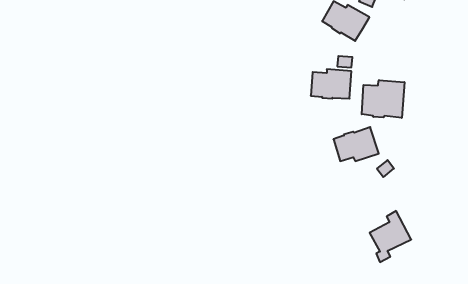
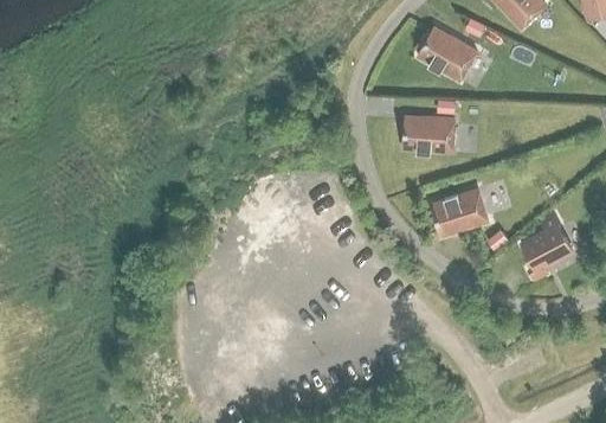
building: [362,80,404,118] -> none
building: [370,211,411,262] -> [521,216,573,280]

